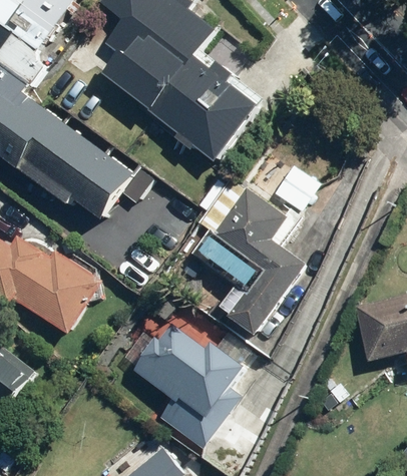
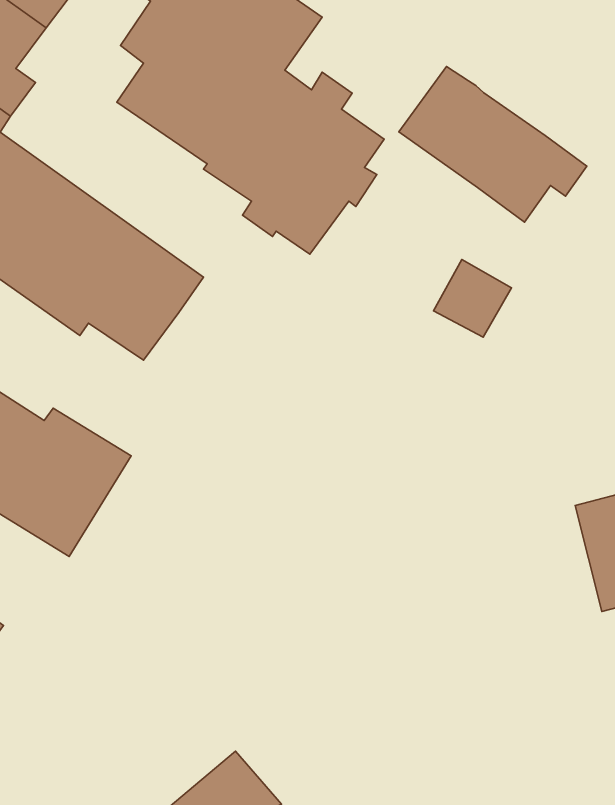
building: none -> [399,67,587,222]
building: [190,174,312,335] -> none
building: [136,321,252,447] -> none

